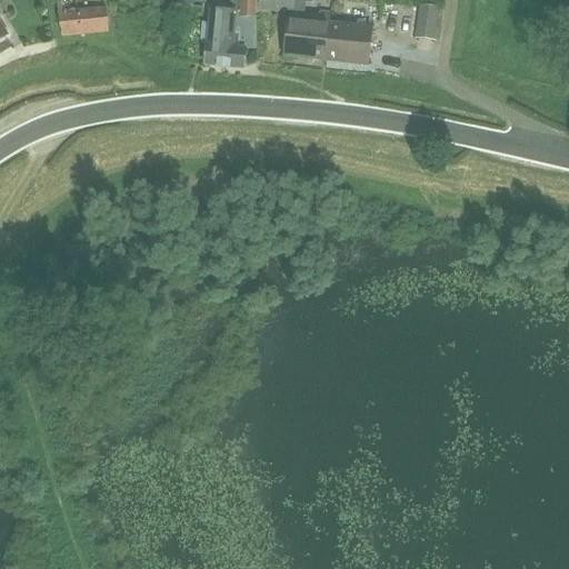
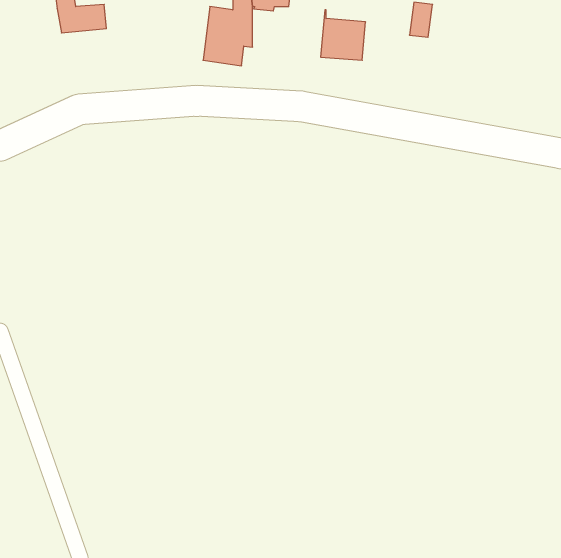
building: [283,9,329,58] -> none

